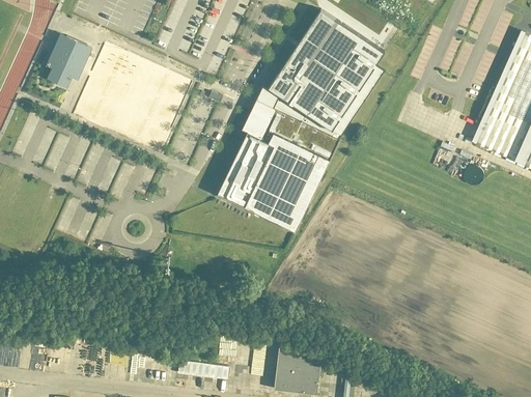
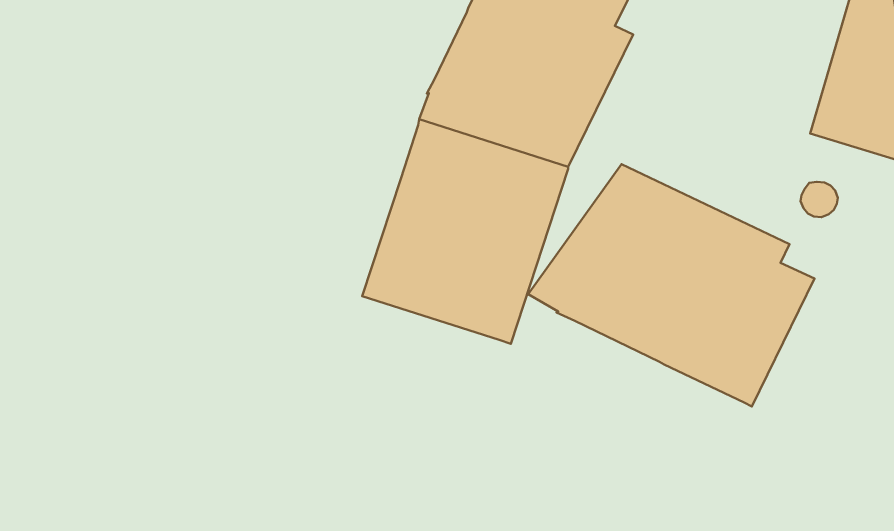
building: [46,36,85,87] -> none
building: none -> [528,164,814,406]

